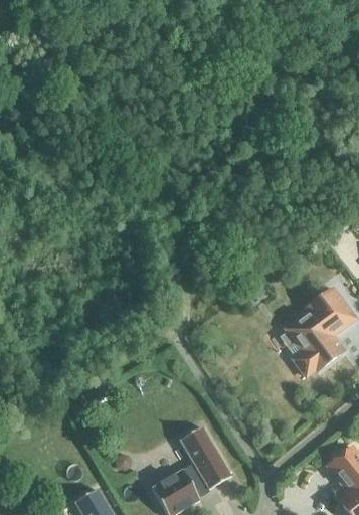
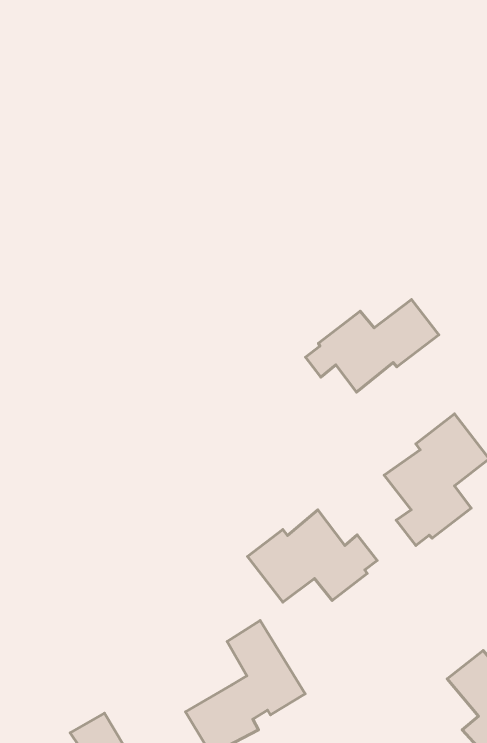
building: none -> [305,300,439,392]
building: none -> [248,510,377,602]

